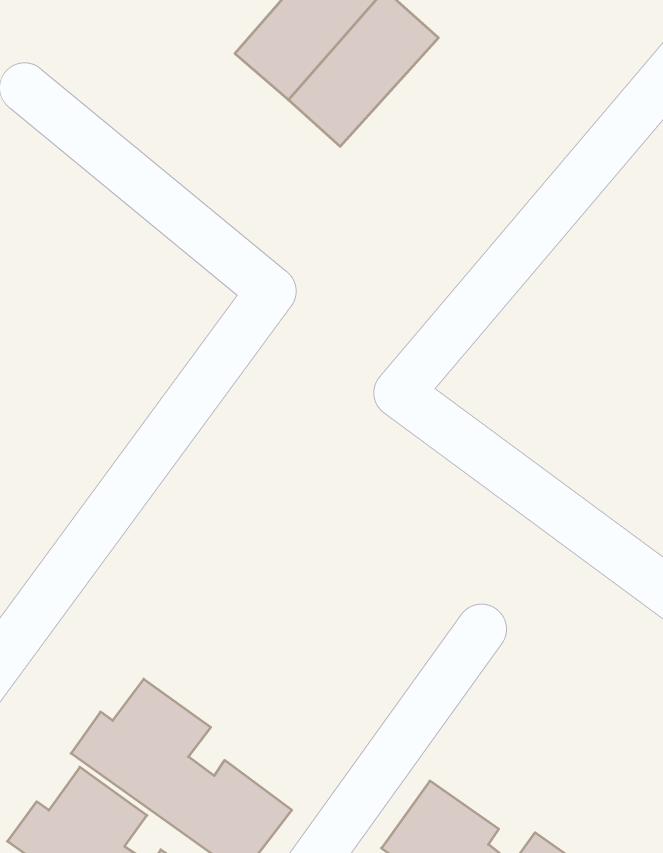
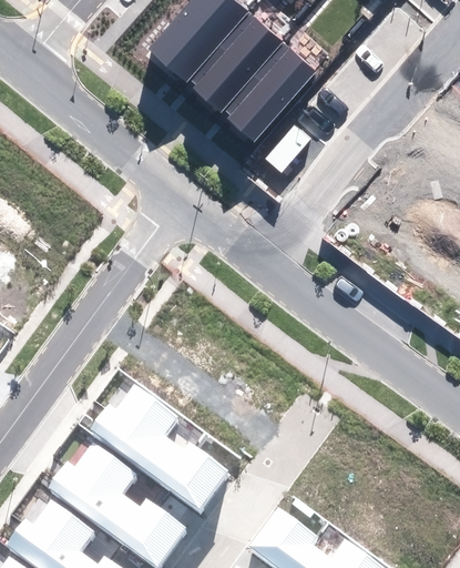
building: none -> [219,33,317,134]
building: none -> [90,385,232,514]

